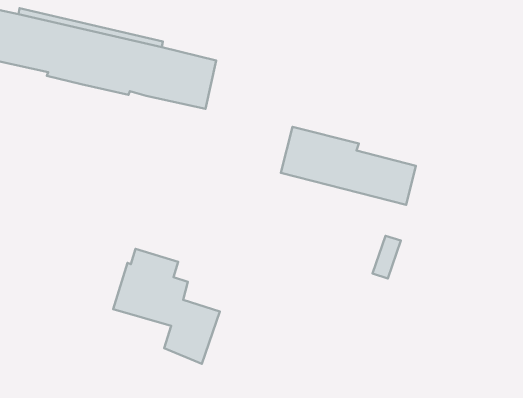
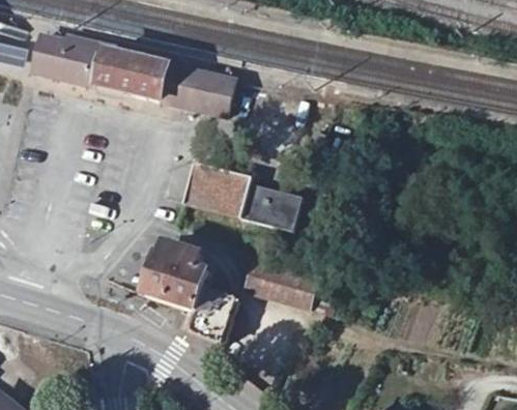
building: [281,127,416,205] -> [183,162,301,230]
building: none -> [246,261,316,306]

